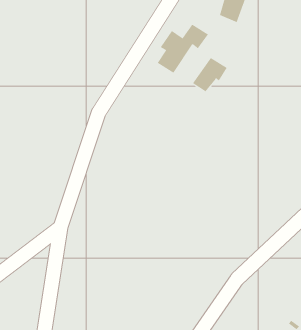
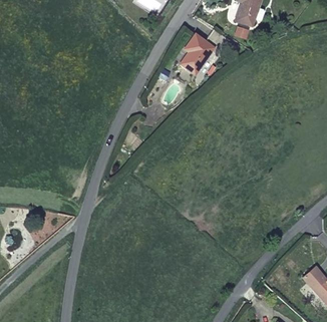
building: [192,57,228,92] -> none

